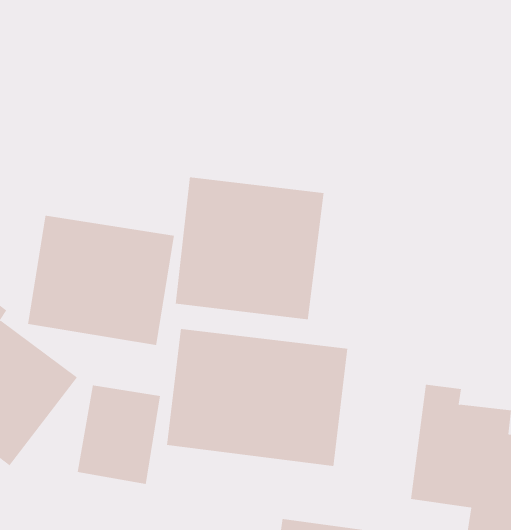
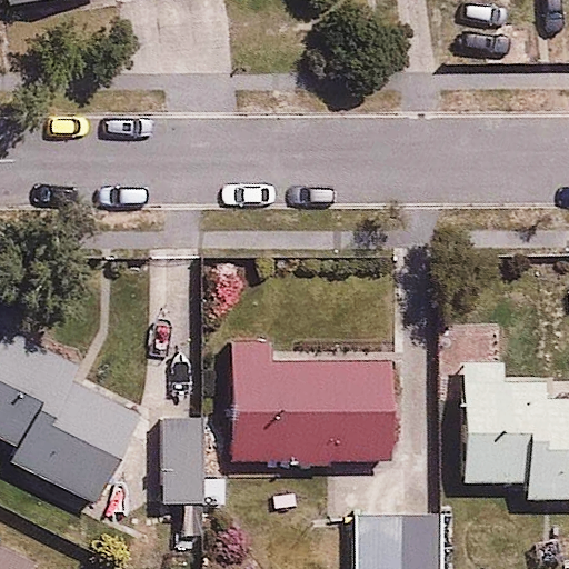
building: [175,176,324,320] -> none
building: [27,215,175,346] -> none

